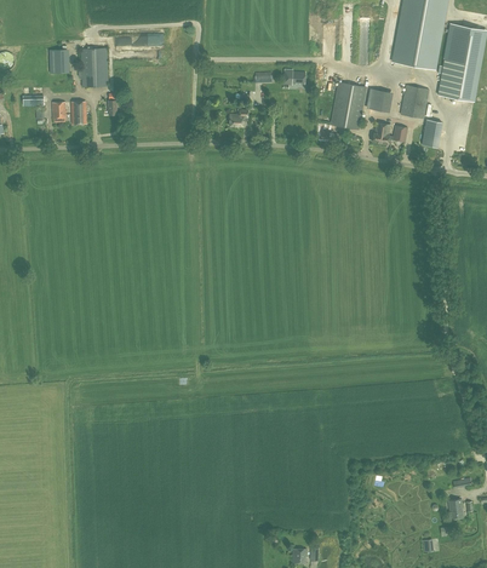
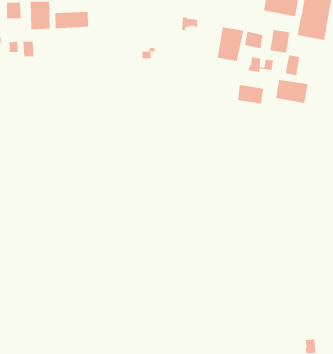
building: none -> [55,11,89,29]
building: none -> [275,79,309,104]
building: none -> [237,84,264,104]

